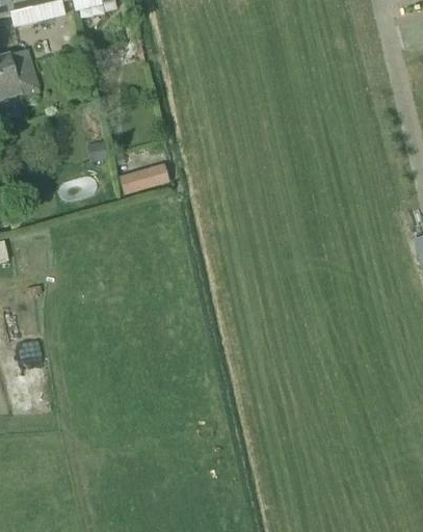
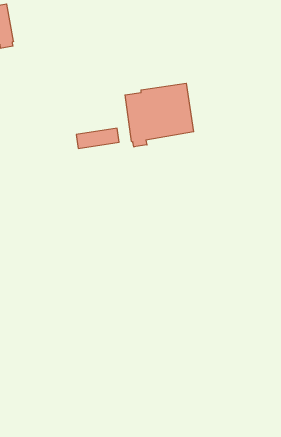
building: none -> [125,83,194,147]

